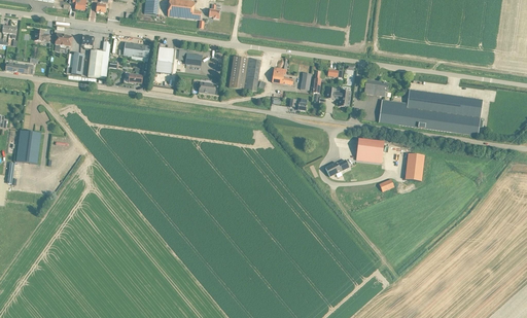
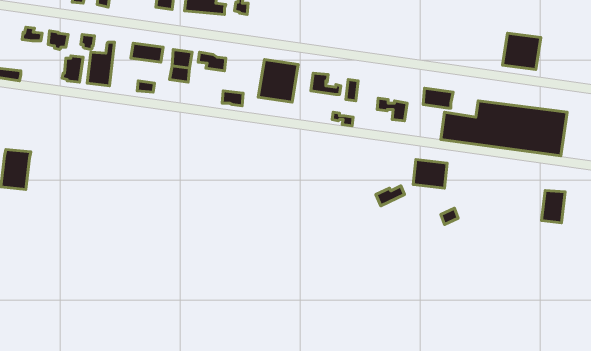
building: none -> [503,33,541,70]
building: [405,153,424,180] -> [541,190,565,223]

